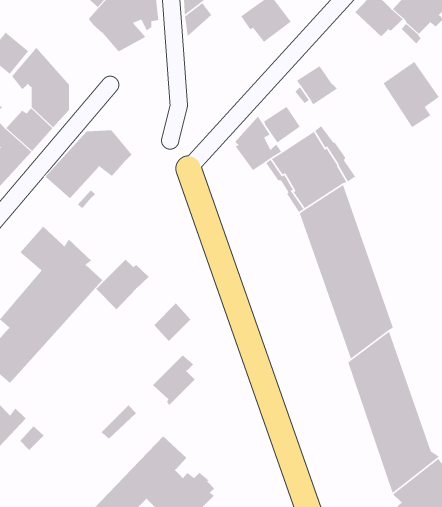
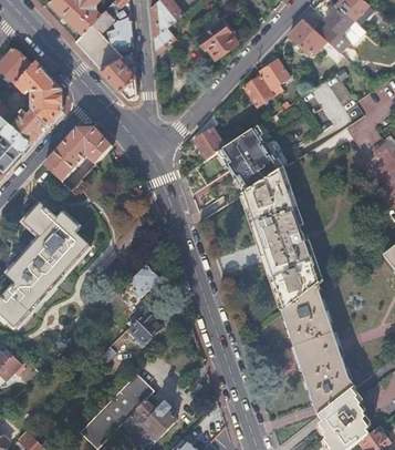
building: none -> [101,54,137,96]
building: [263,106,301,143] -> [259,61,289,91]
building: [96,259,150,310] -> none

